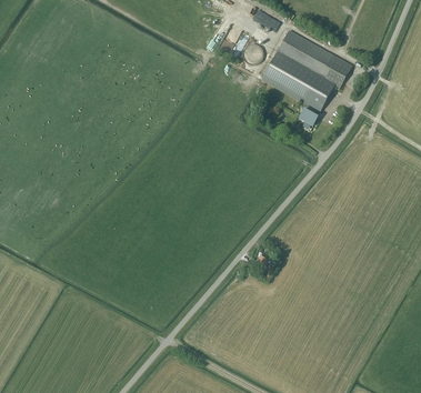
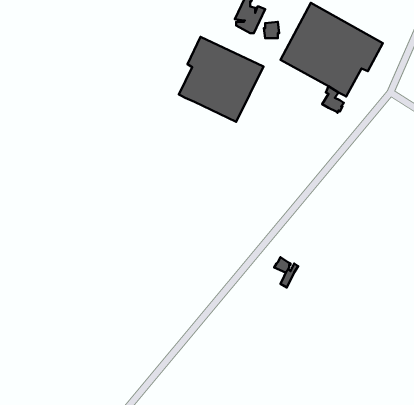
building: none -> [179,37,264,122]

